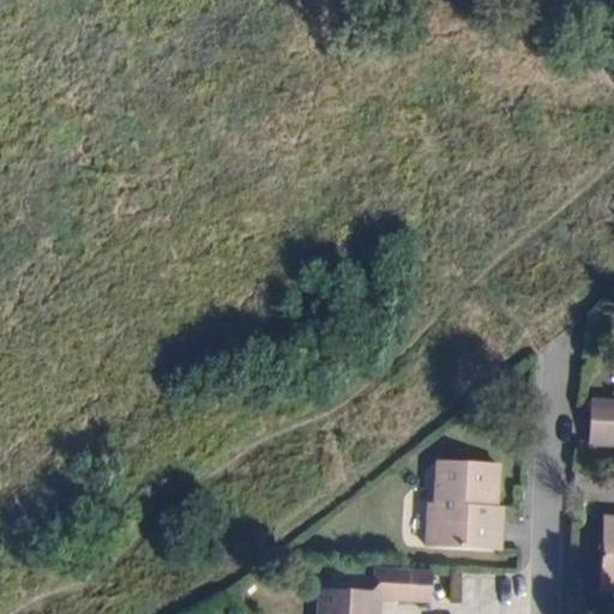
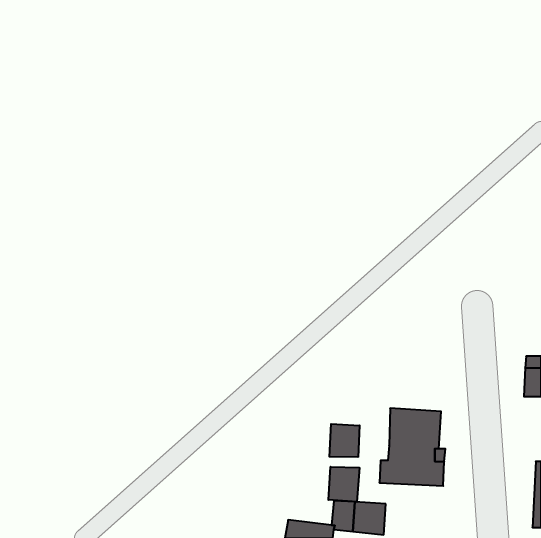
building: none -> [329,424,360,457]
building: none -> [328,467,359,502]

